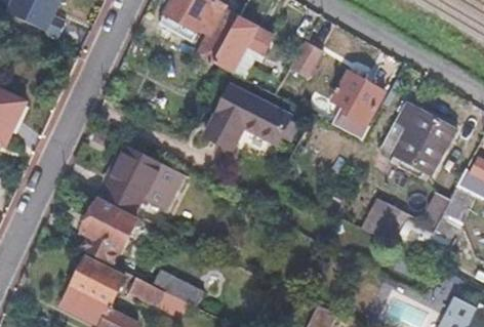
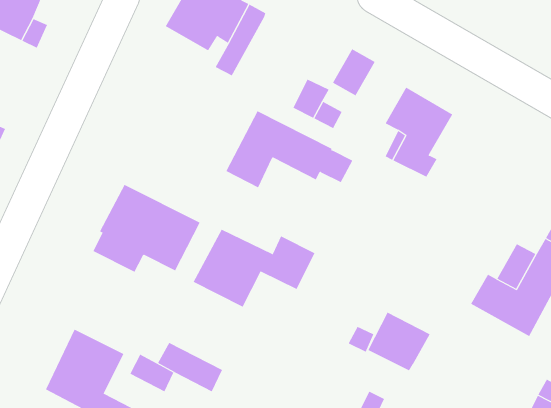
building: [209,13,273,77] -> none
building: [392,101,453,173] -> none
building: none -> [193,229,315,308]
building: [359,196,408,242] -> [367,312,431,371]
building: [81,198,137,262] -> none

